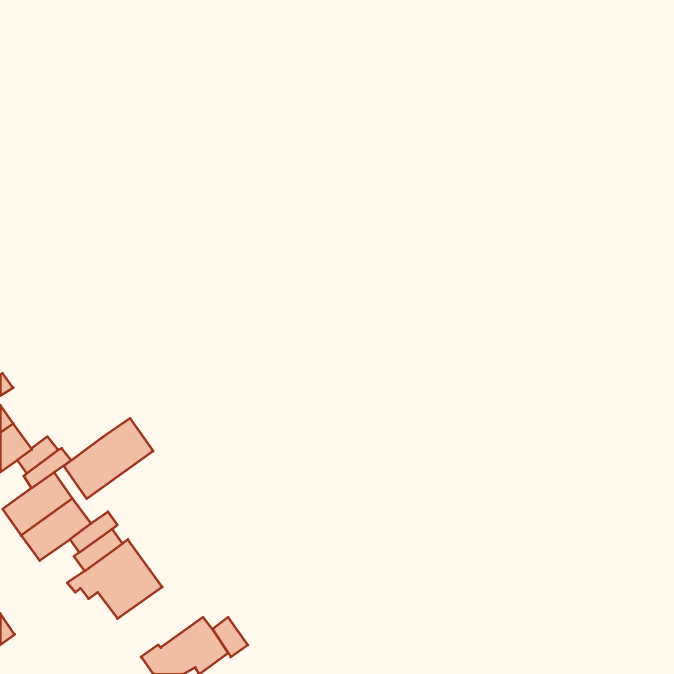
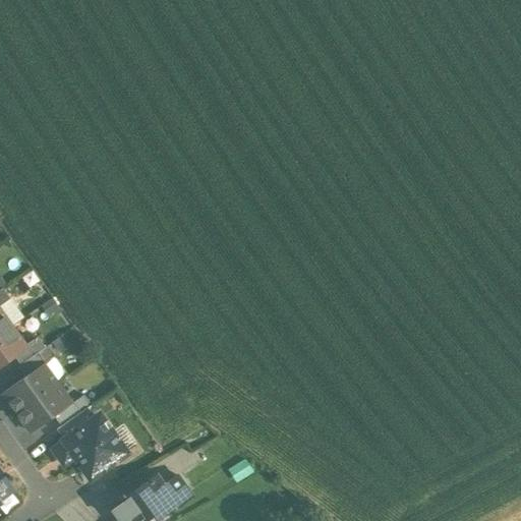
building: [64,418,153,499] -> none

